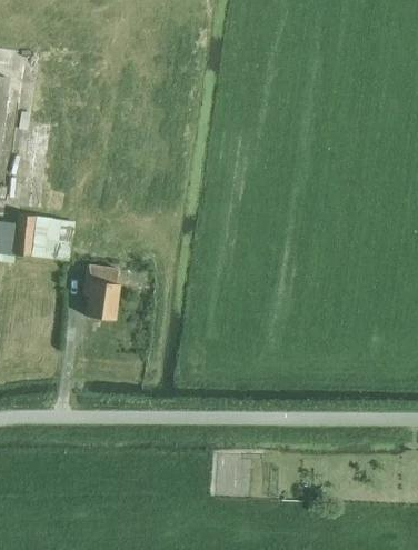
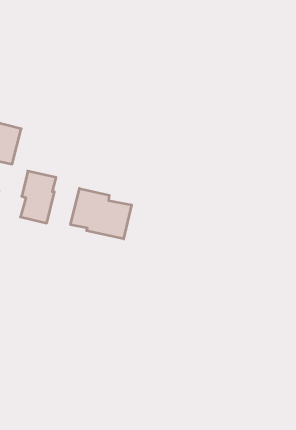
building: none -> [71,188,132,239]

